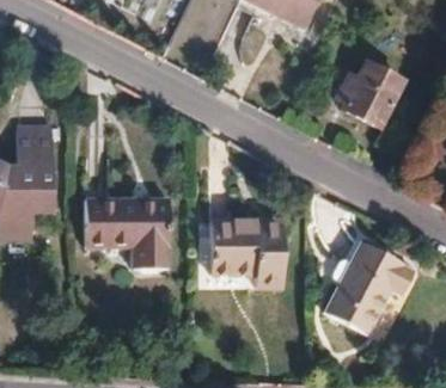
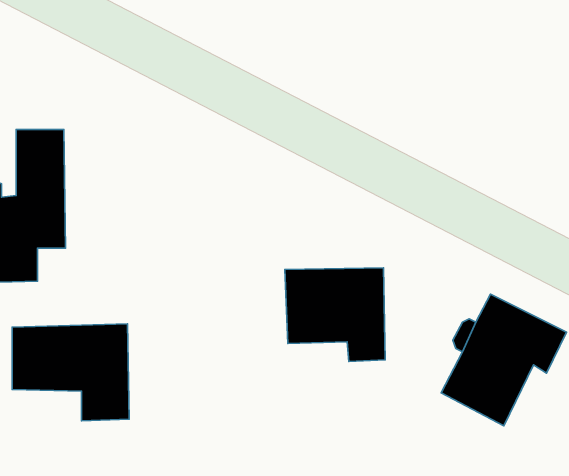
building: [342,62,402,125] -> none
building: [85,185,170,255] -> [12,324,129,421]

